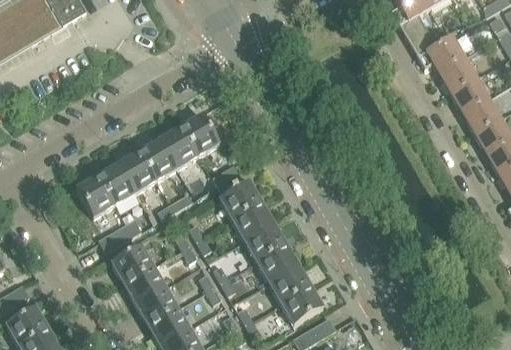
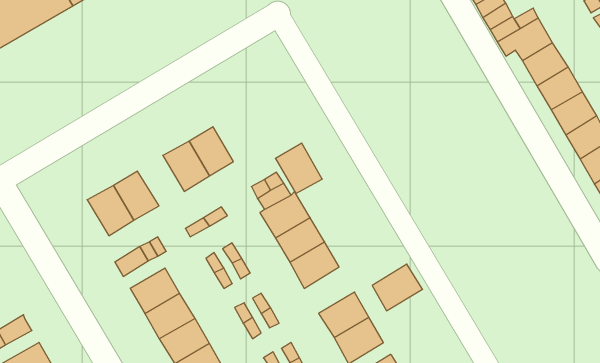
building: [181,113,220,155] -> [275,143,322,193]
building: [118,150,157,192] -> none
building: [257,243,299,282] -> [372,264,423,311]

